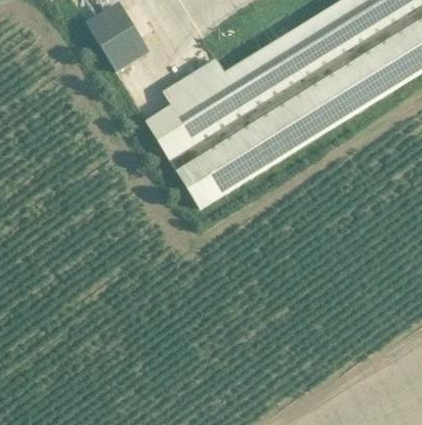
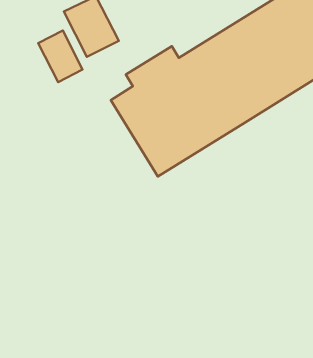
building: none -> [38,30,83,82]

